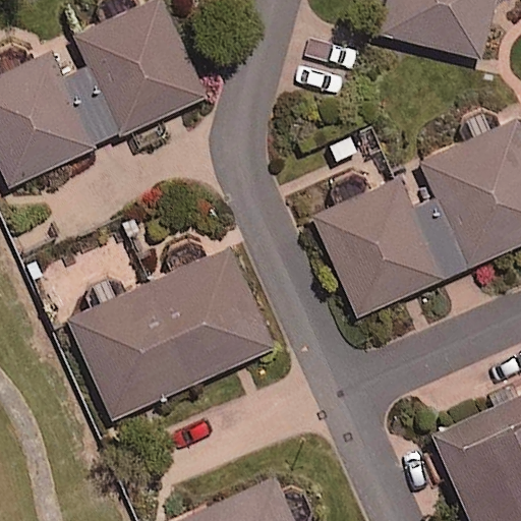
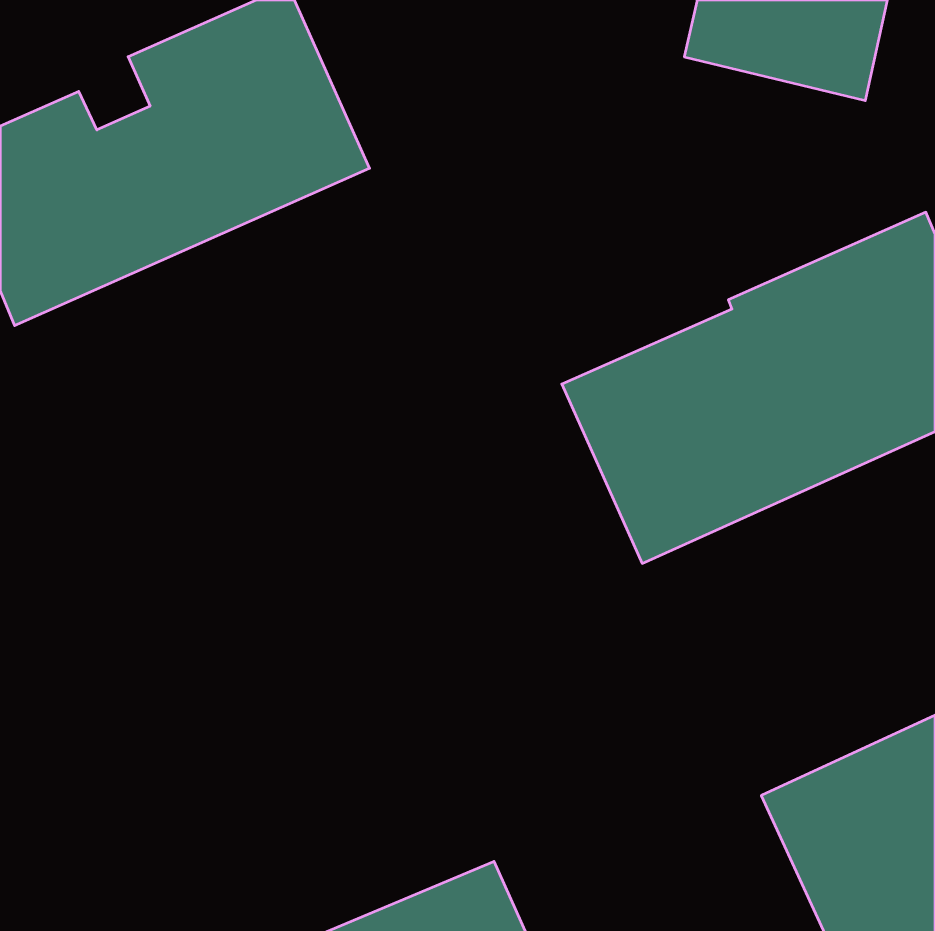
building: [68,248,272,417] -> none

